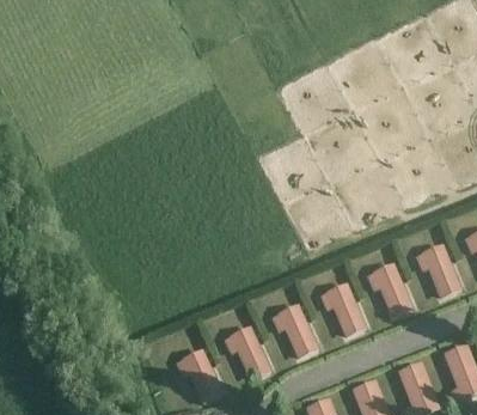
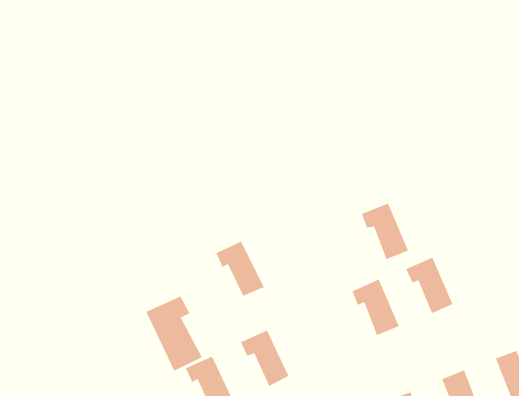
building: [417,245,459,295] -> [361,202,409,260]
building: none -> [145,295,203,372]
building: [273,305,316,354] -> [215,241,265,297]

